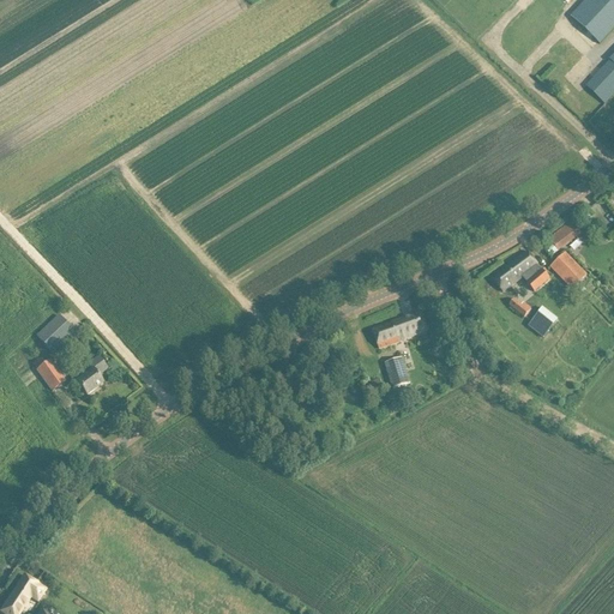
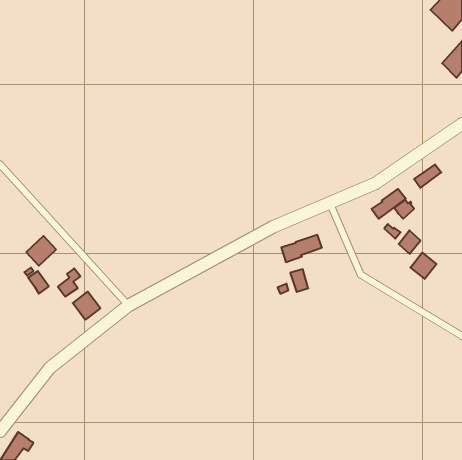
building: [550,252,586,288] -> none
building: none -> [410,253,436,279]
building: none -> [73,292,100,320]

